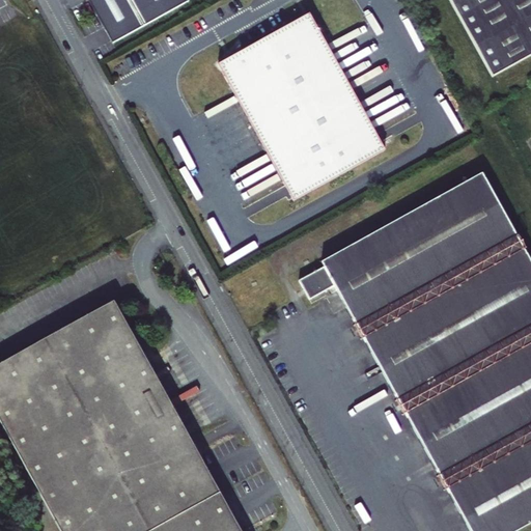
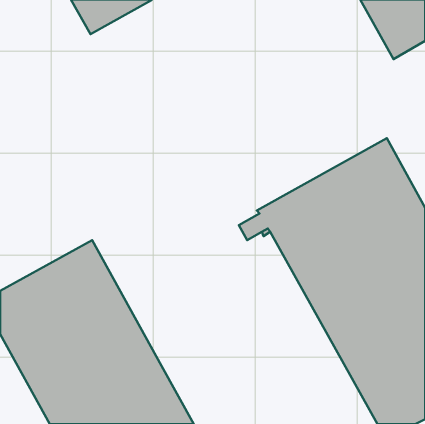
building: [219,12,386,199] -> none

